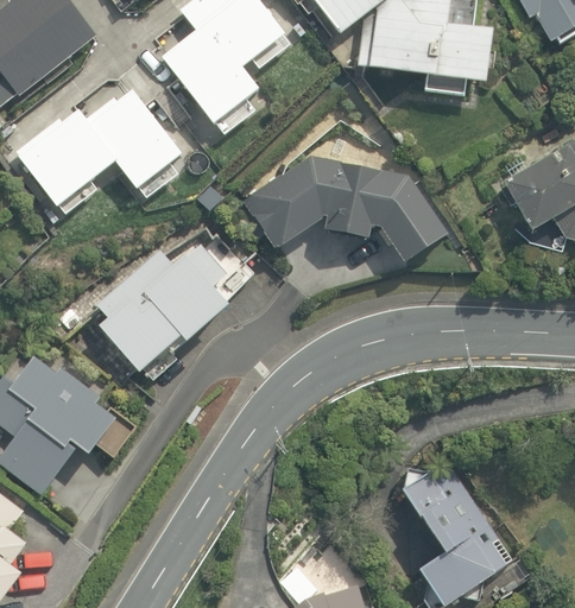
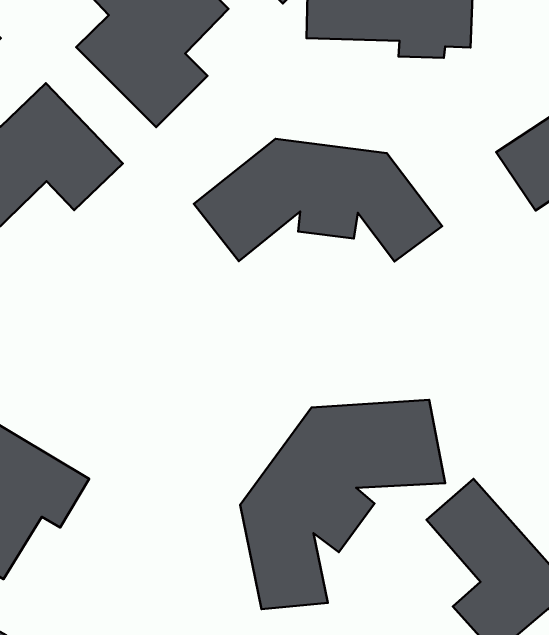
building: [97,233,242,380] -> none
building: none -> [240,400,445,609]

